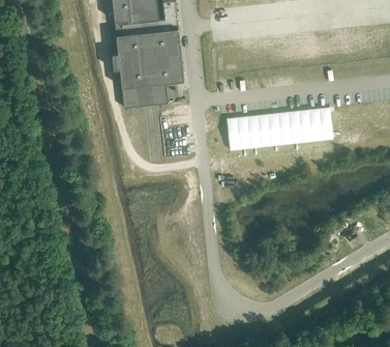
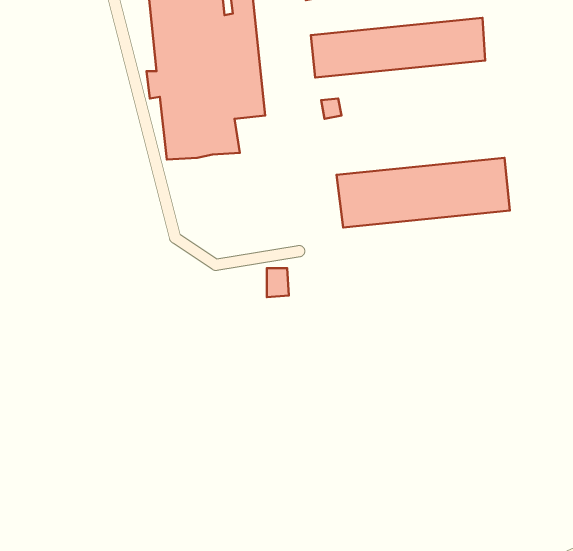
building: none -> [311,18,485,78]

